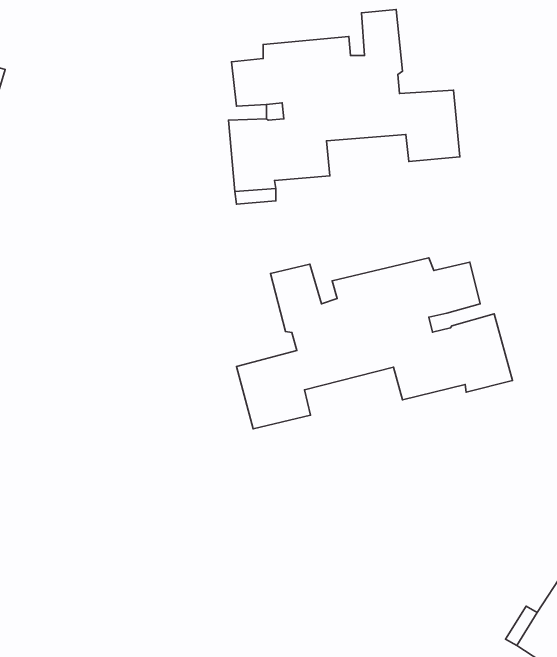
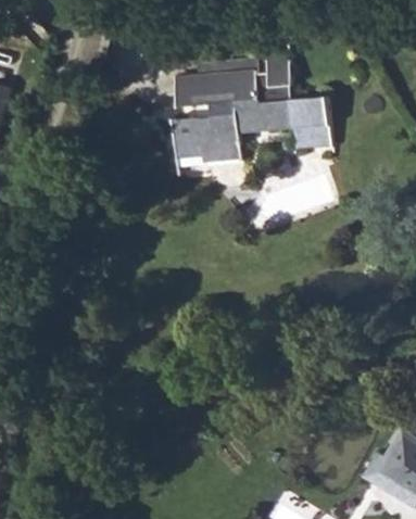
building: [236,258,512,429] -> none

